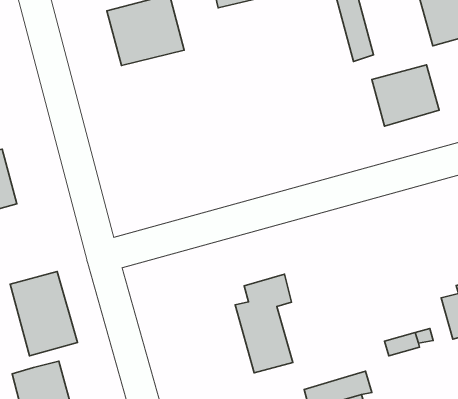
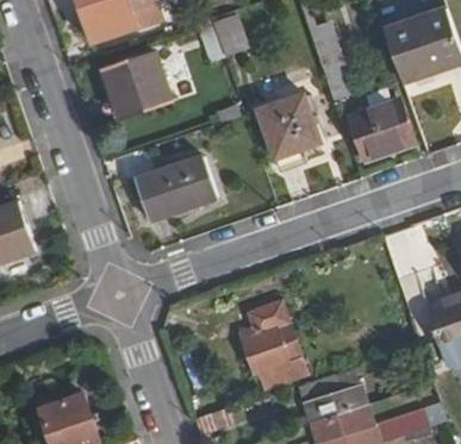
building: none -> [257,94,320,161]
building: none -> [137,156,222,223]
building: [10,272,77,356] -> none

